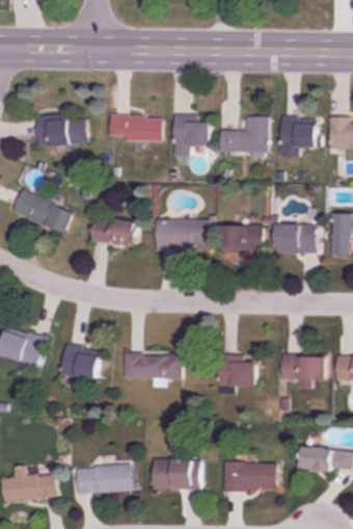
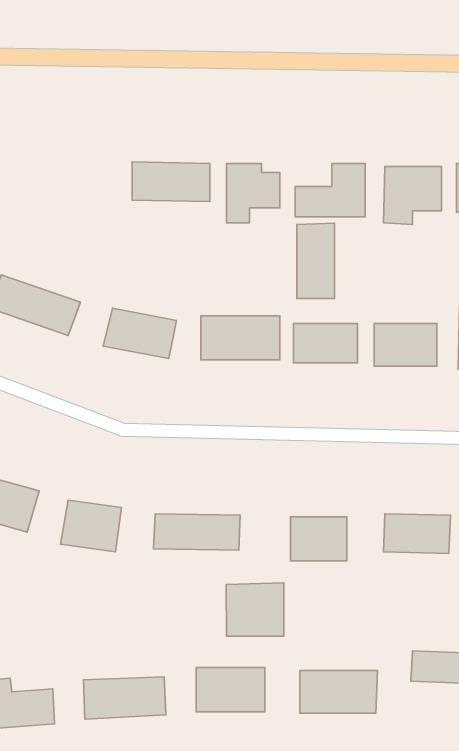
building: [36,115,87,148] -> none
building: none -> [297,223,335,298]
building: none -> [226,583,284,636]

